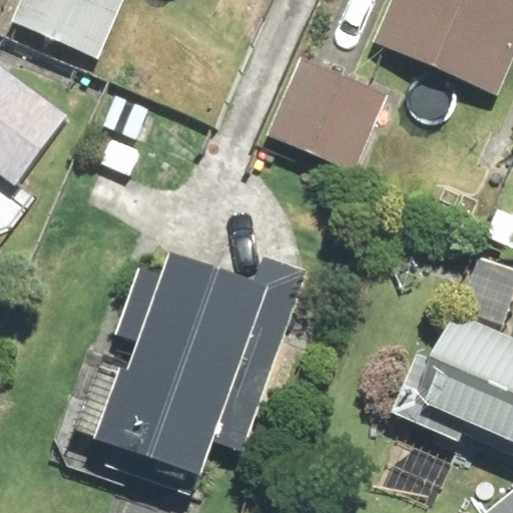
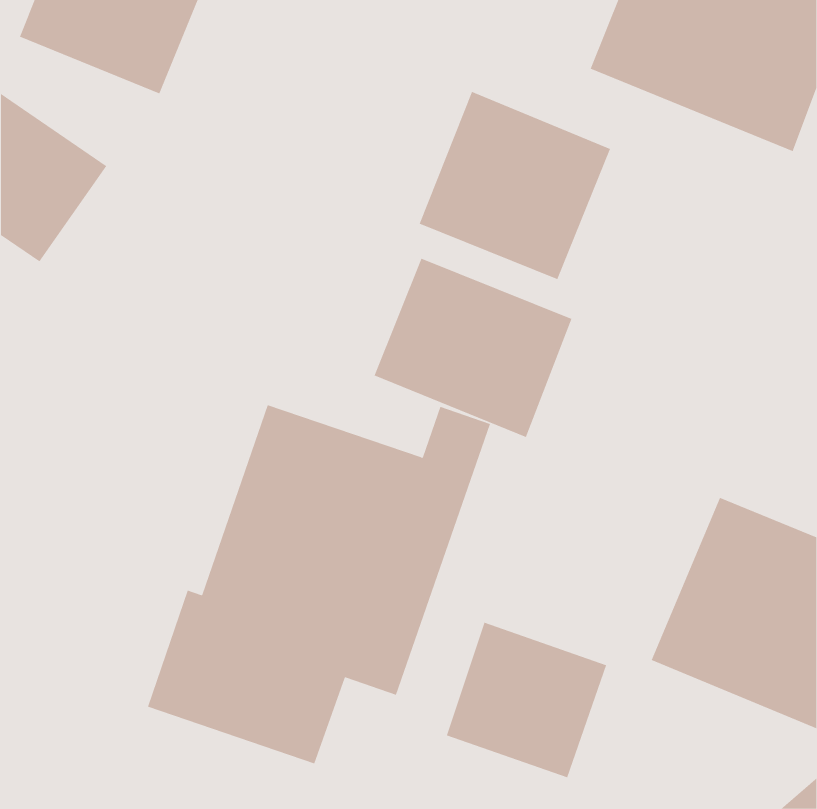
building: none -> [374,258,572,438]
building: none -> [446,622,607,778]

